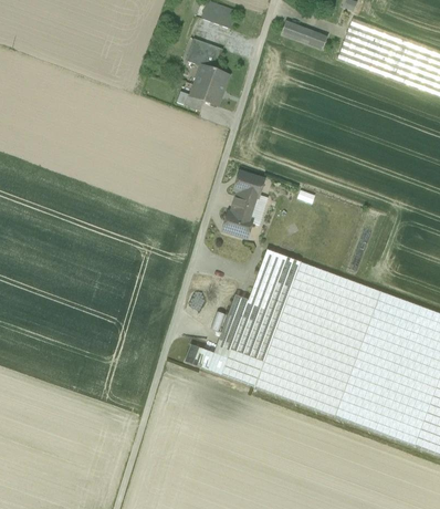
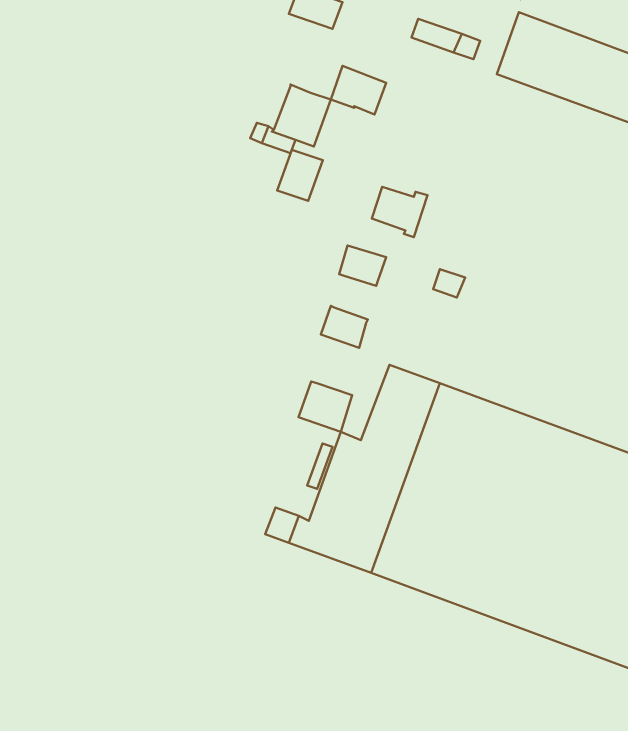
building: [187,38,223,70] -> [331,66,386,115]
building: none -> [277,150,323,201]
building: [231,190,268,224] -> [372,187,427,237]
building: none -> [298,382,352,432]

